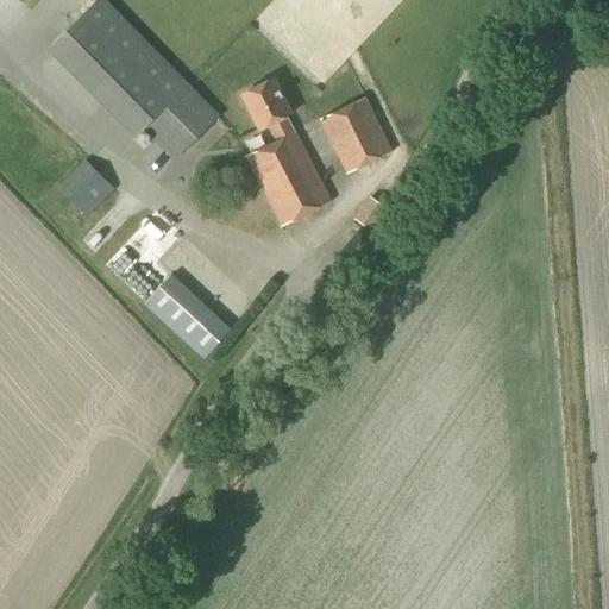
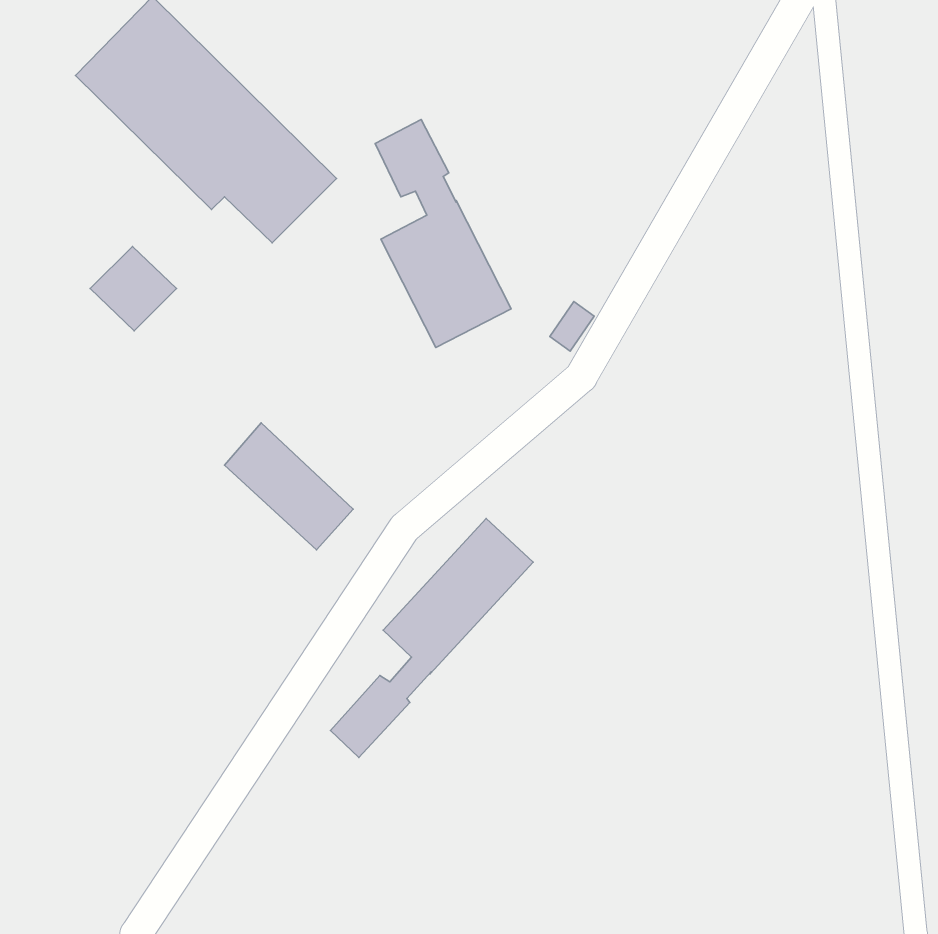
building: [322,95,393,171] -> none
building: none -> [330,518,533,758]

